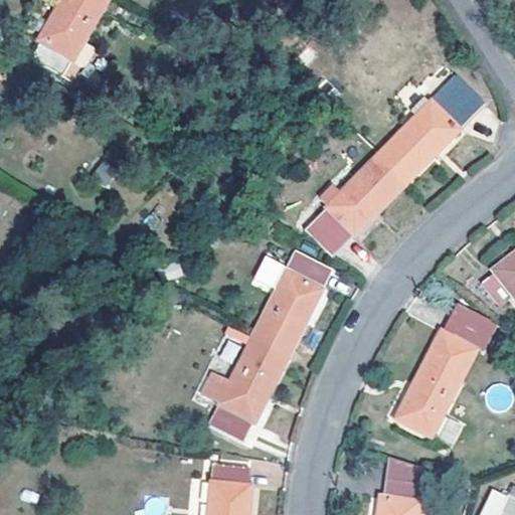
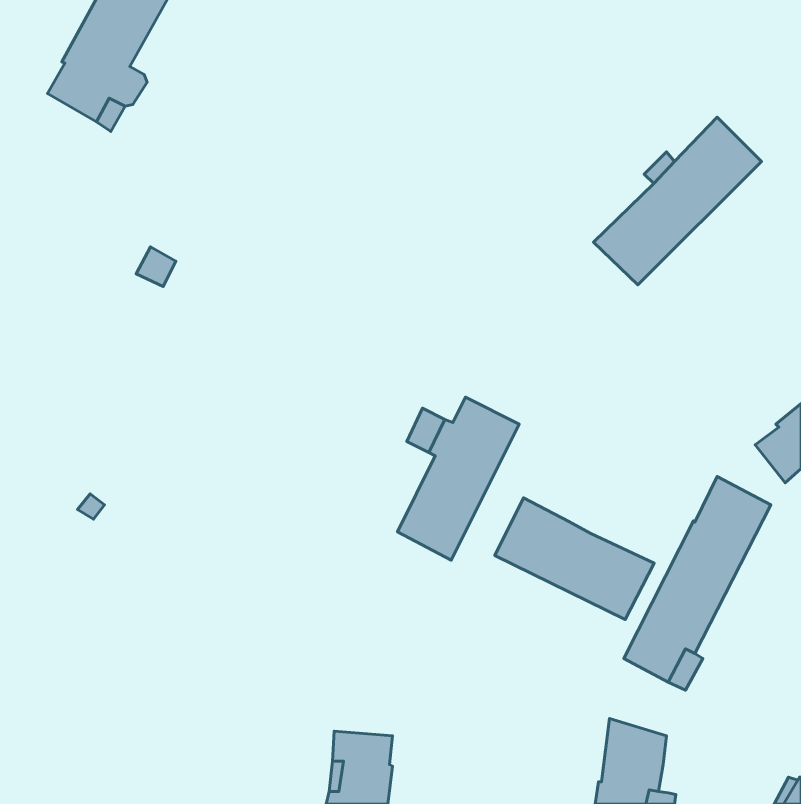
building: [304,154,405,258] -> none
building: none -> [495,498,654,619]
building: [201,338,287,443] -> none

